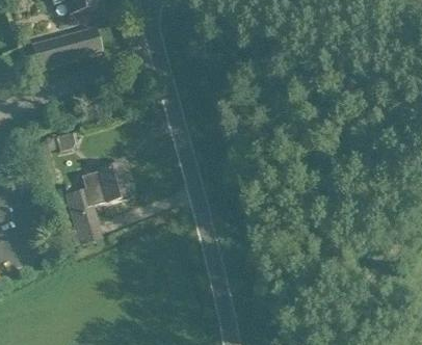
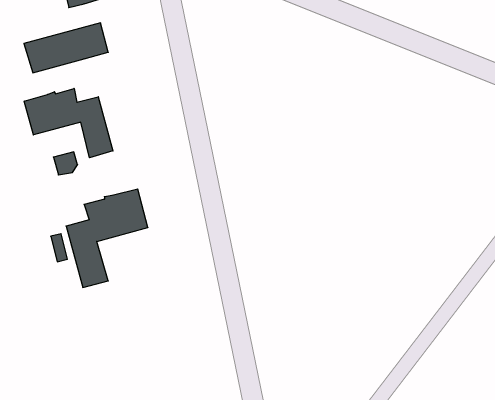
building: none -> [24,88,113,158]

